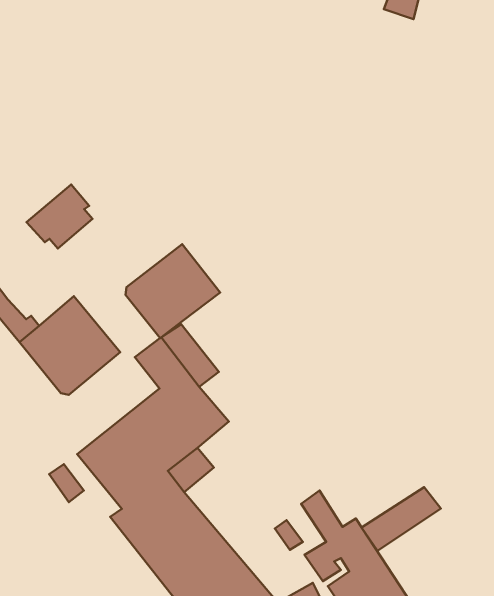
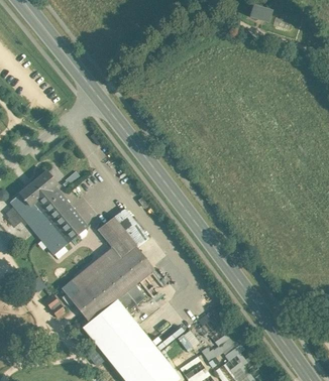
building: [27,184,92,249] -> [18,170,59,210]
building: [125,244,220,338] -> none
building: [362,487,441,551] -> none

